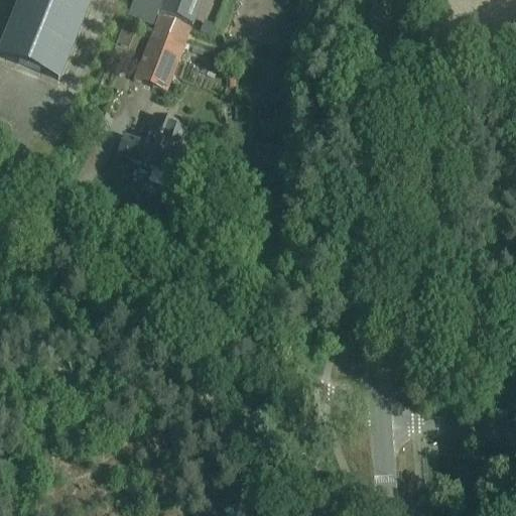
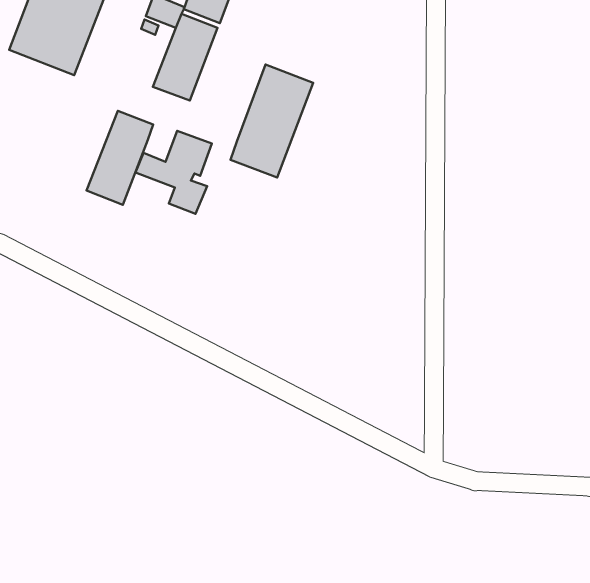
building: none -> [231,64,313,177]
building: none -> [87,111,153,205]

